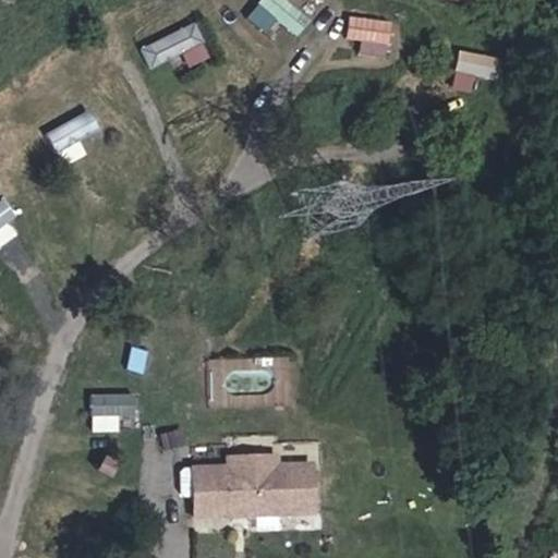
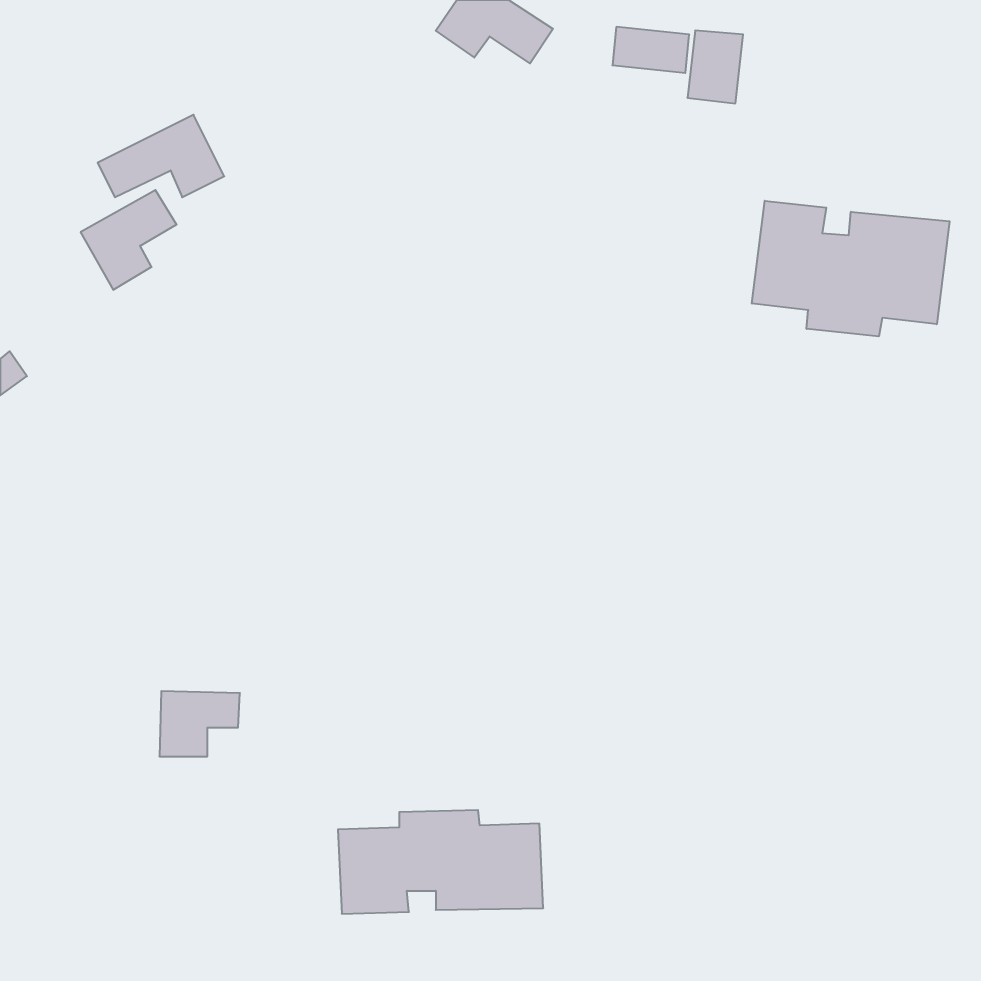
building: [141,20,213,66] -> [98,115,224,197]
building: [453,50,485,92] -> [687,31,743,103]
building: none -> [752,201,950,336]

